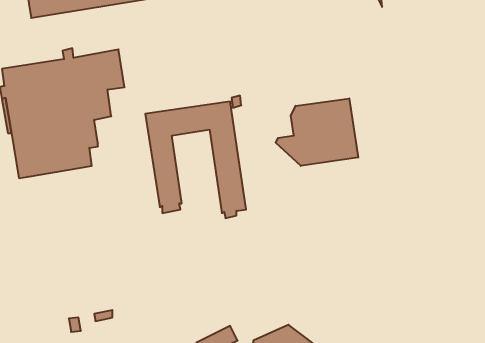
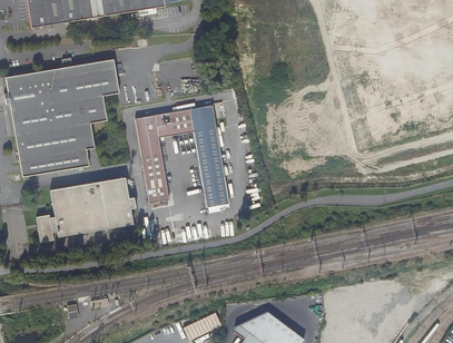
building: [276,98,358,166] -> none
building: none -> [36,177,135,242]

